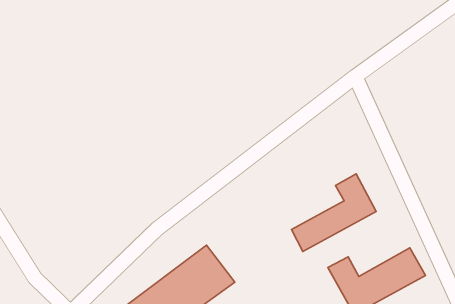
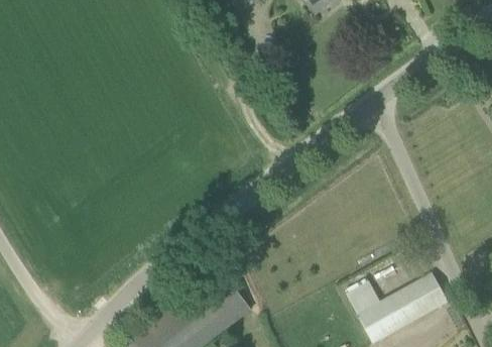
building: [291,174,376,252] -> none

